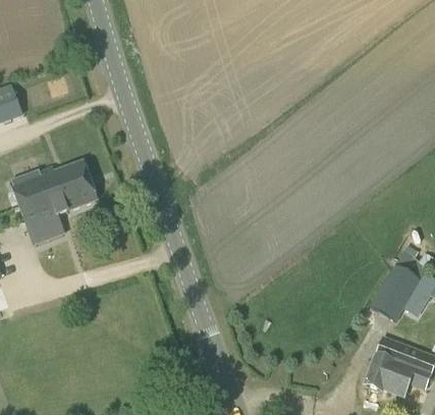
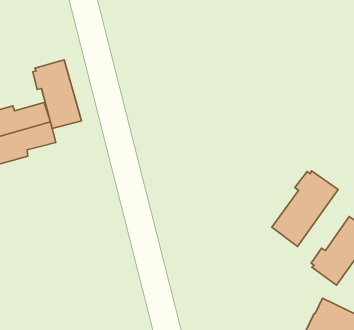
building: none -> [33,60,81,128]
building: none -> [272,171,338,246]

